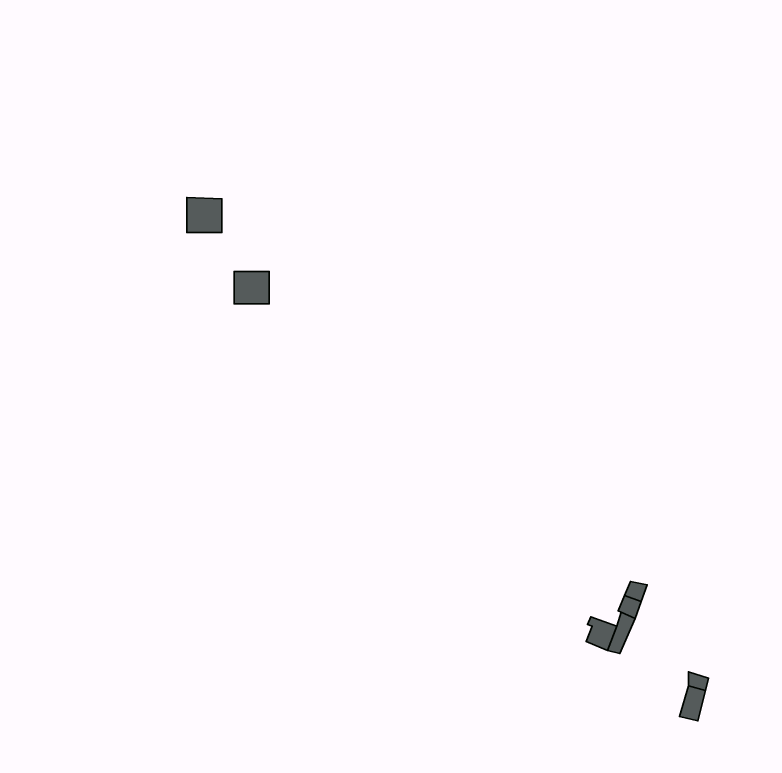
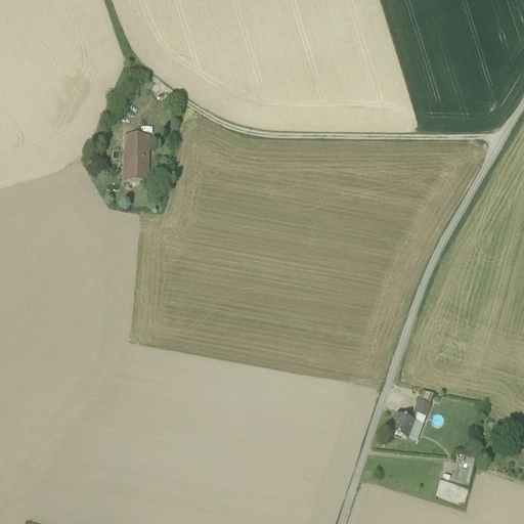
building: [234,272,269,304] -> [125,156,148,177]

